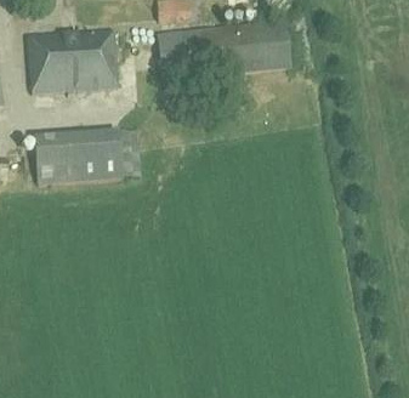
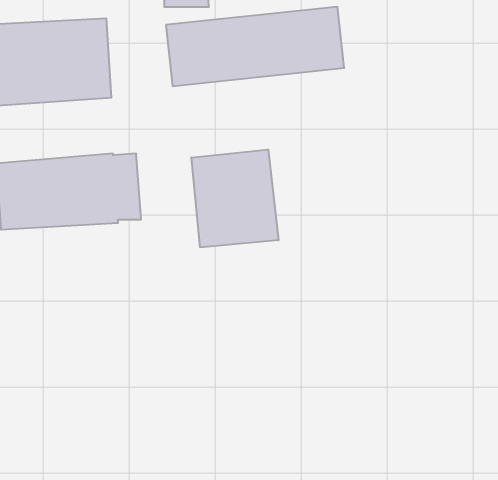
building: none -> [191,149,279,247]

